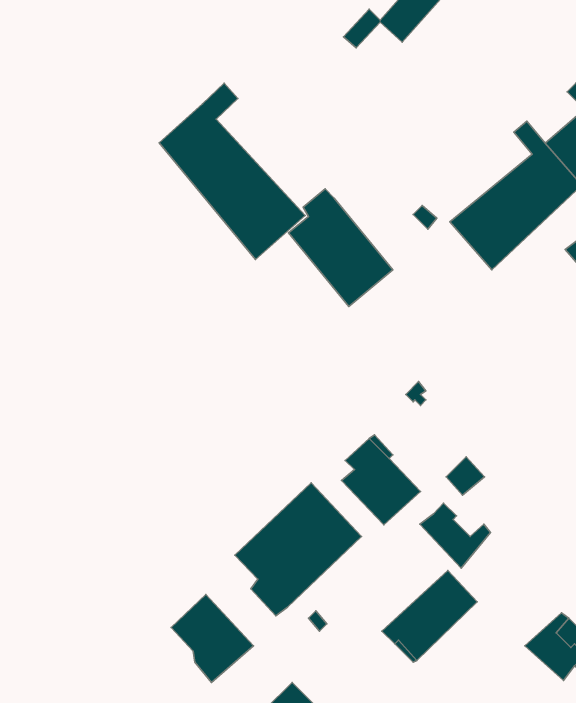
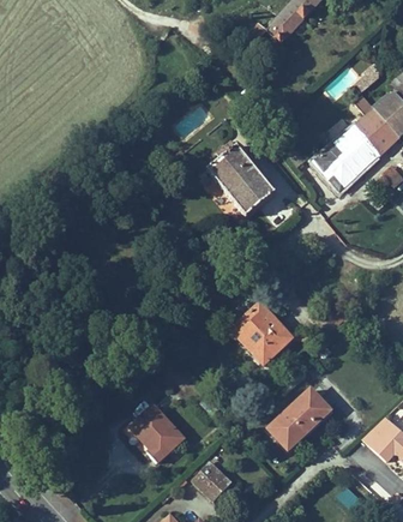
building: [159,83,305,259] -> none
building: [235,483,362,616] -> none
building: [420,503,490,568] -> none

